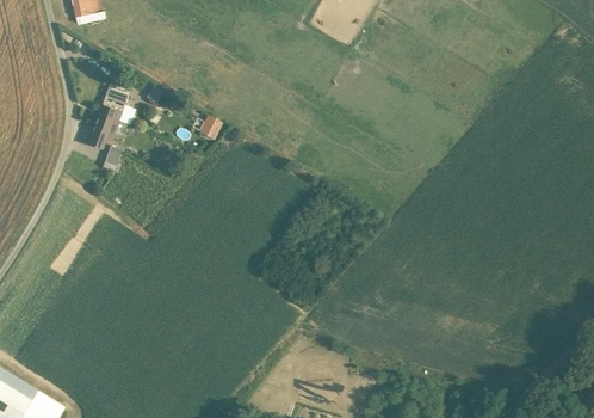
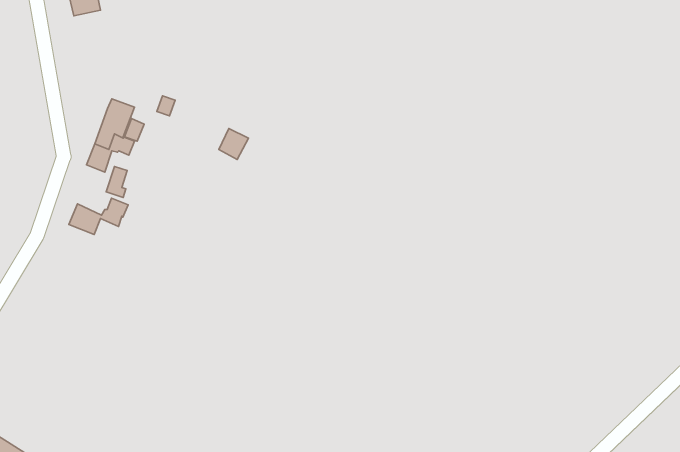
building: none -> [69,198,128,235]

